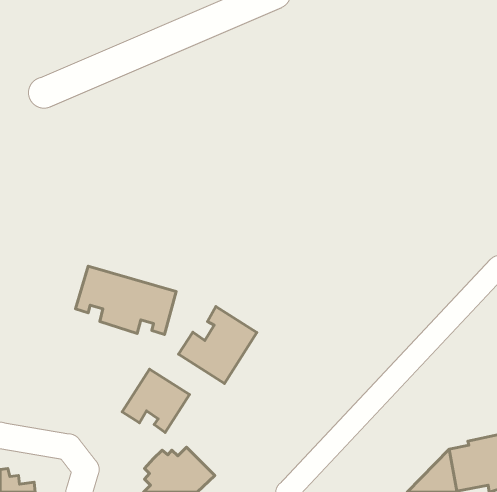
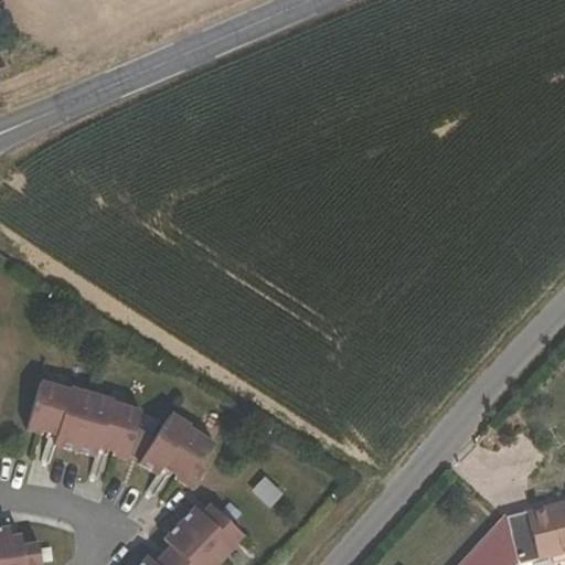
building: [76,266,176,334] -> [29,384,142,461]
building: [178,307,257,383] -> none

